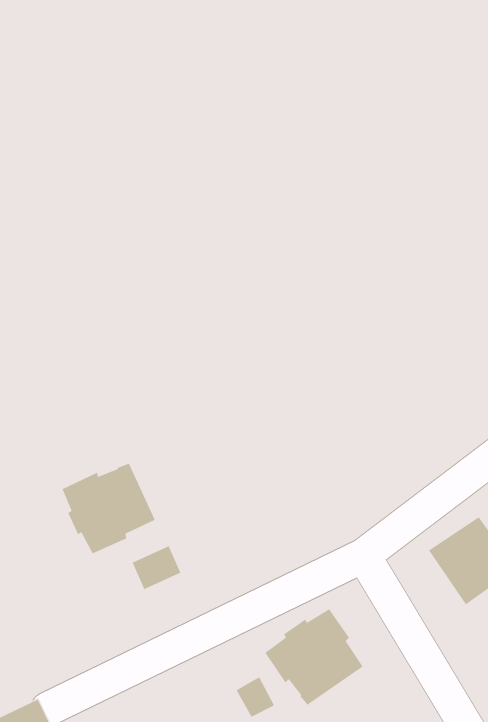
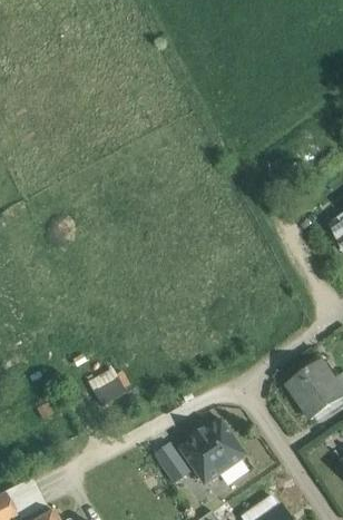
building: [62,463,155,554] -> none

